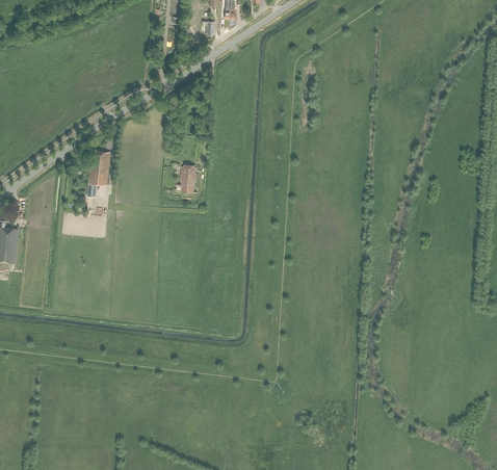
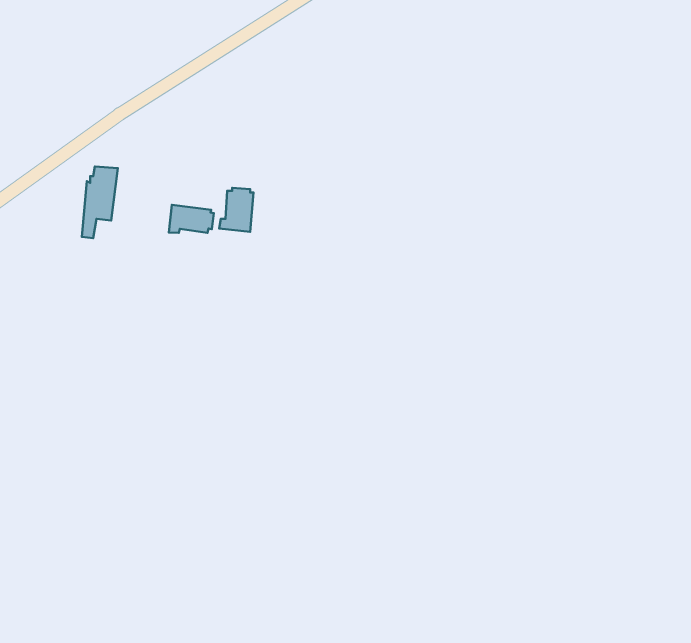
building: none -> [169,205,214,233]

